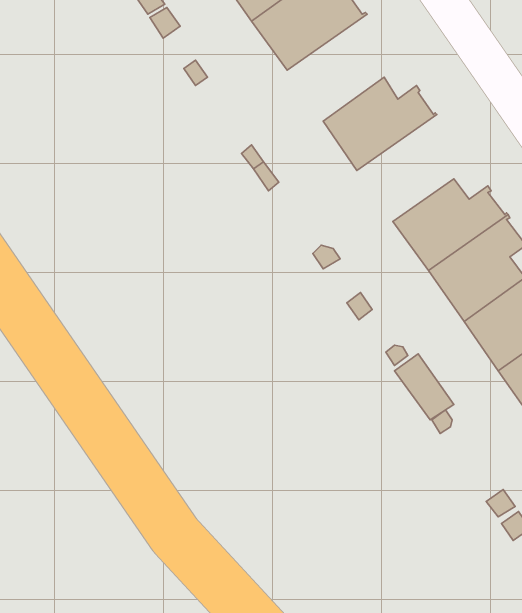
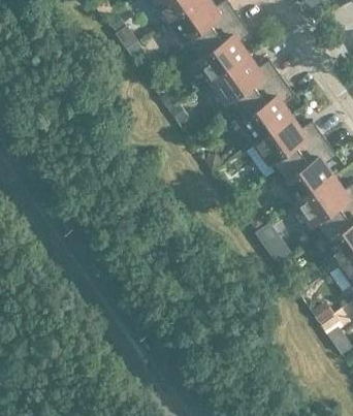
building: none -> [191,19,252,84]
building: none -> [233,79,294,145]

